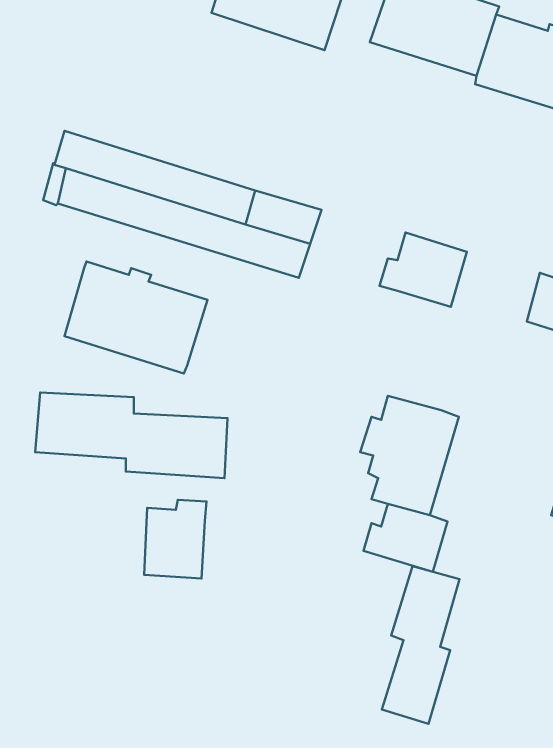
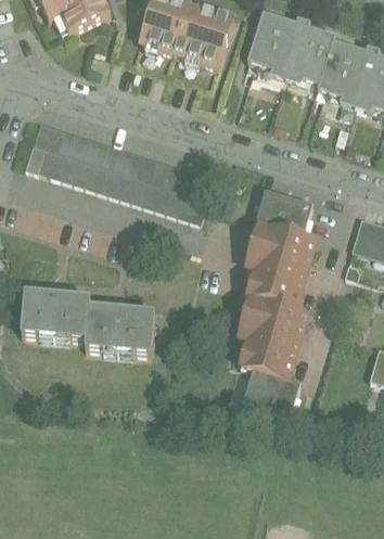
building: [65,261,207,373] -> none
building: none -> [248,230,316,310]
building: [144,500,206,578] -> none
building: [382,566,460,724] -> none

